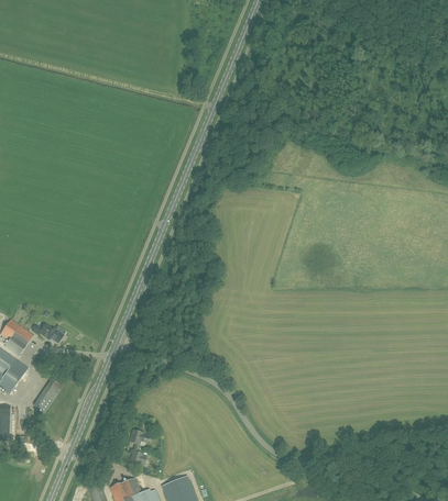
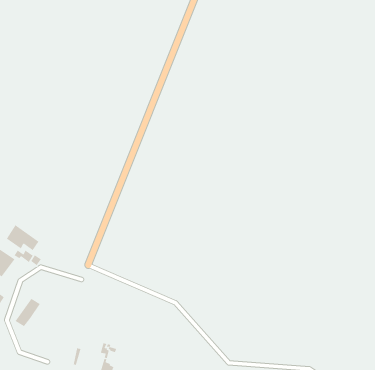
building: none -> [6,224,40,251]

